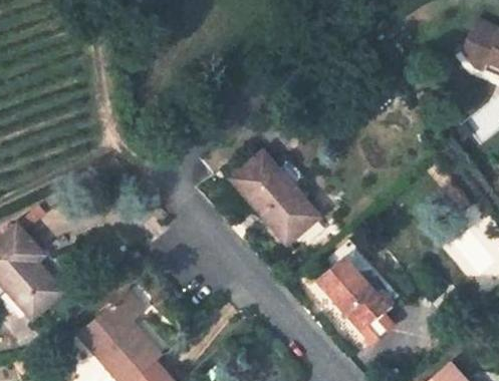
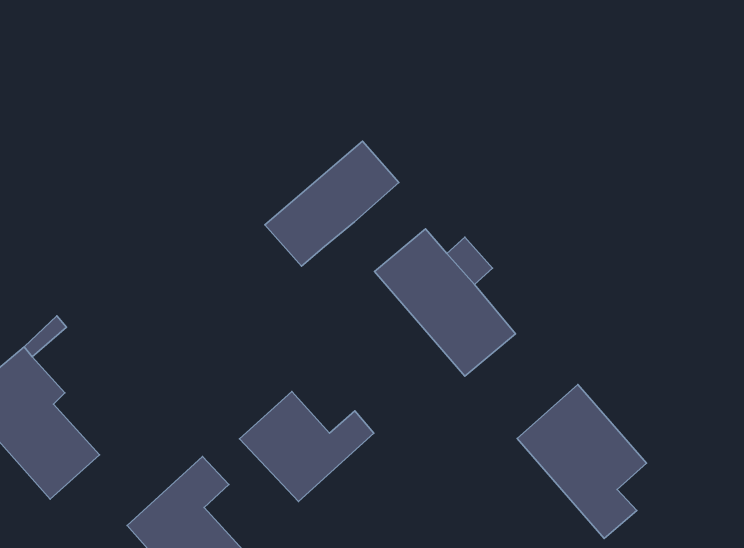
building: none -> [265,141,399,266]
building: none -> [240,391,374,501]

